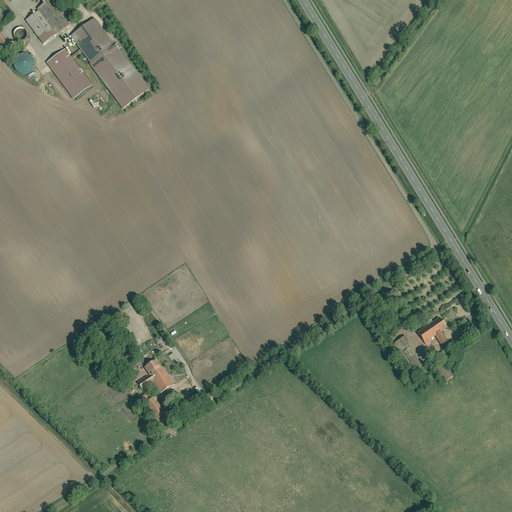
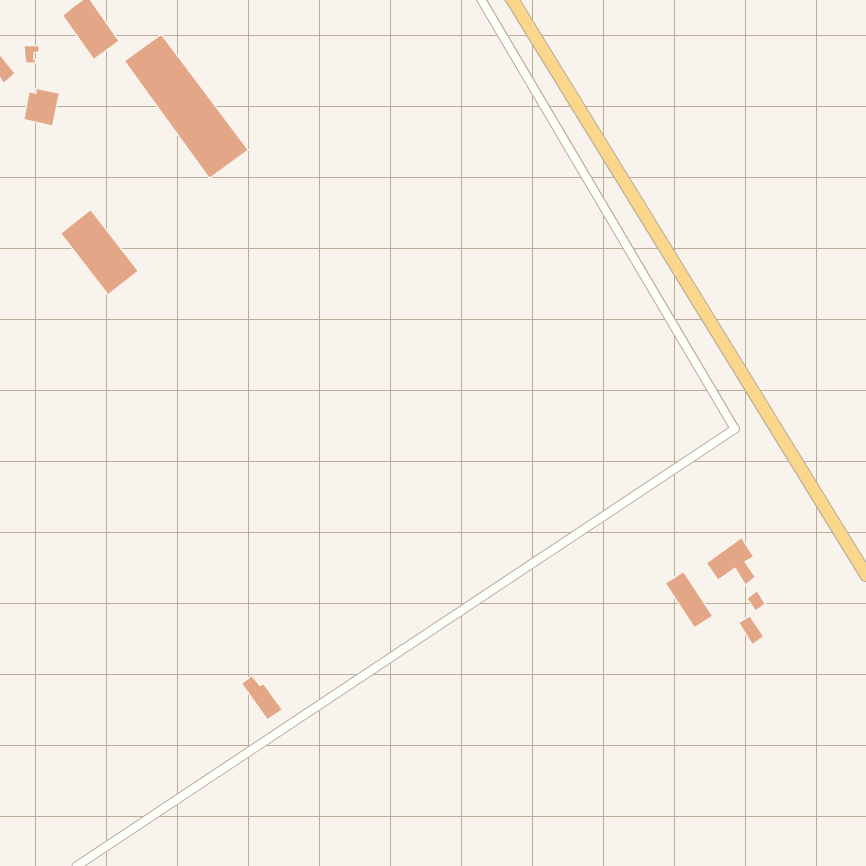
building: [26,11,55,43] -> none
building: [45,47,91,97] -> [60,210,139,295]
building: [136,359,170,391] -> none

